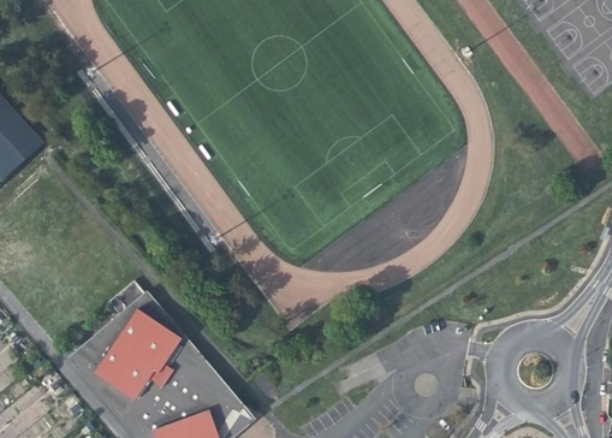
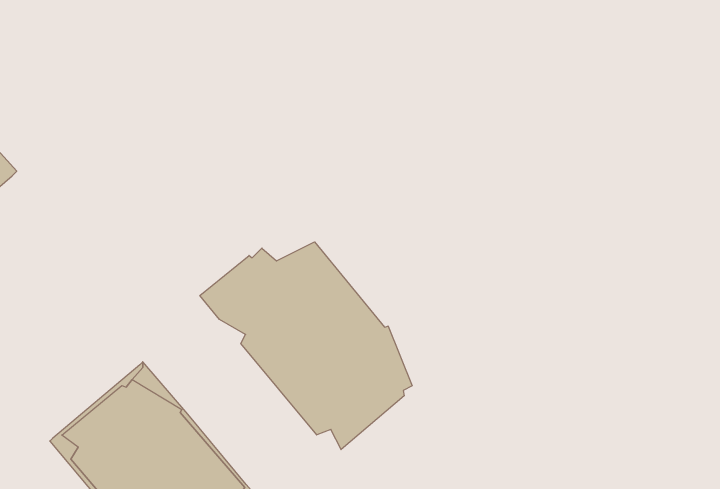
building: none -> [200,242,412,450]

